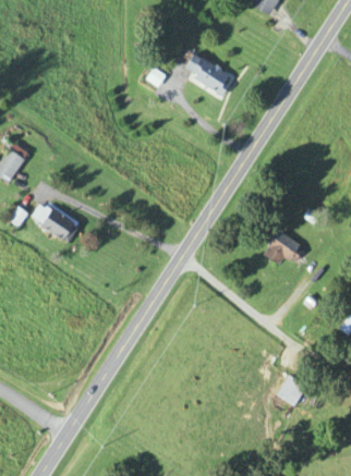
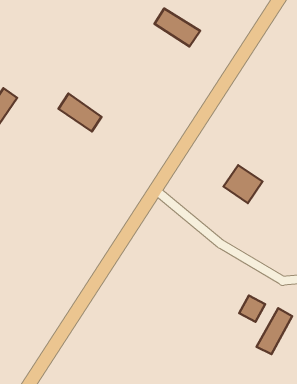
building: [31,200,78,243] -> [59,93,101,131]
building: none -> [257,308,292,354]

